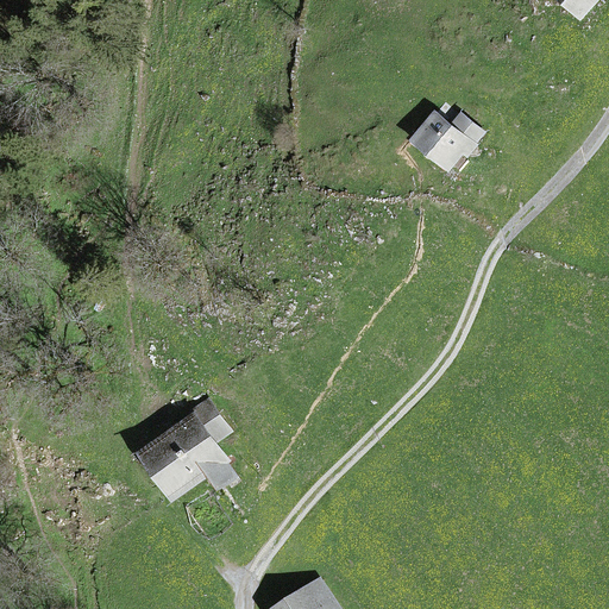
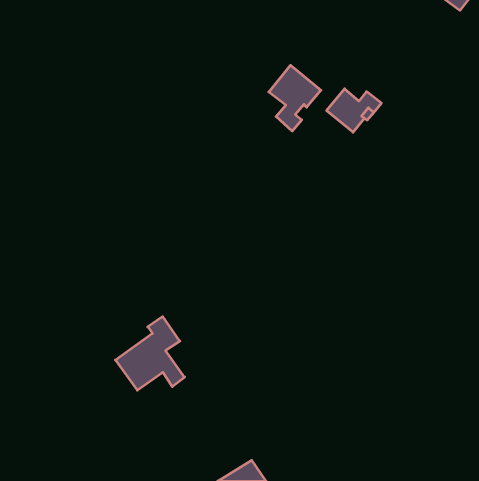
building: none -> [269,65,321,131]

